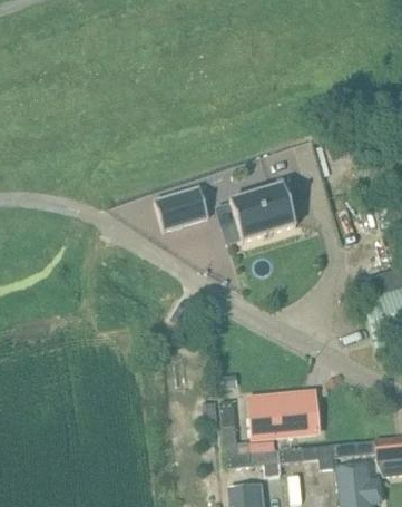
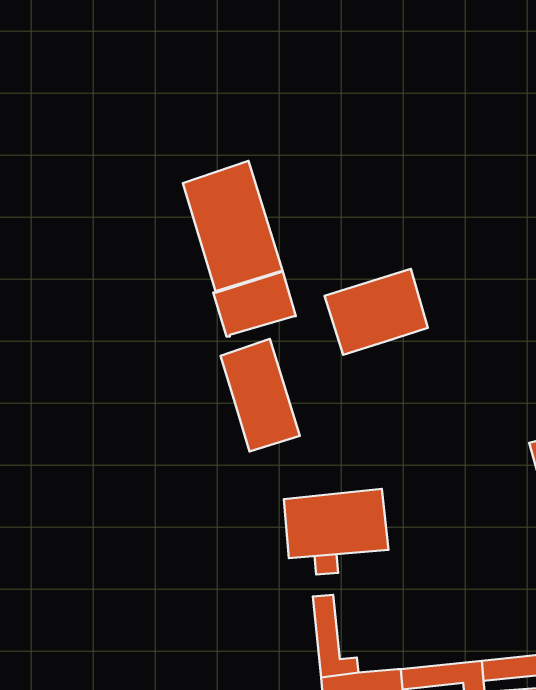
building: none -> [183,161,282,291]
building: none -> [221,339,300,451]
building: [248,394,317,440] -> [284,489,389,558]

